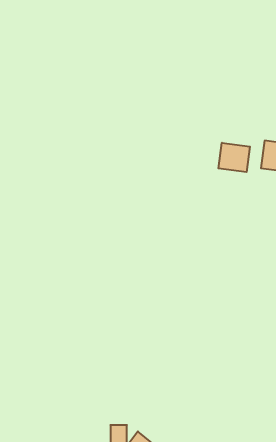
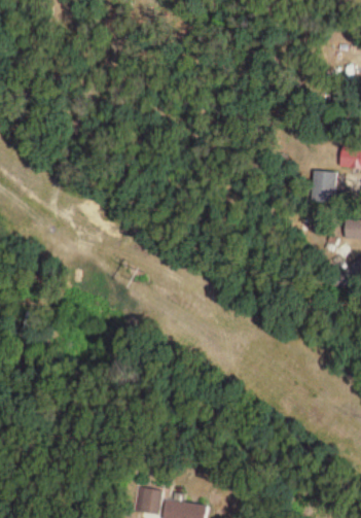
building: [218,143,250,172] -> none

